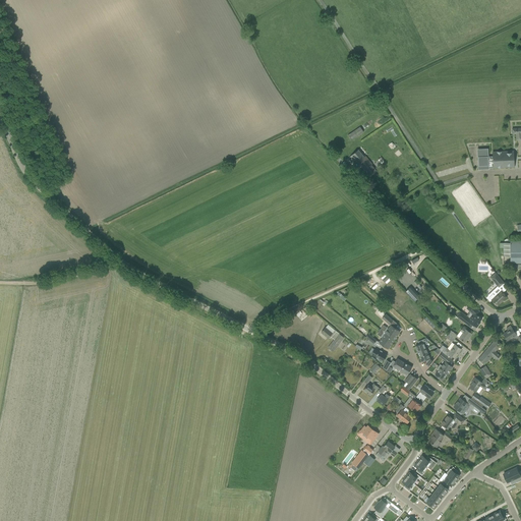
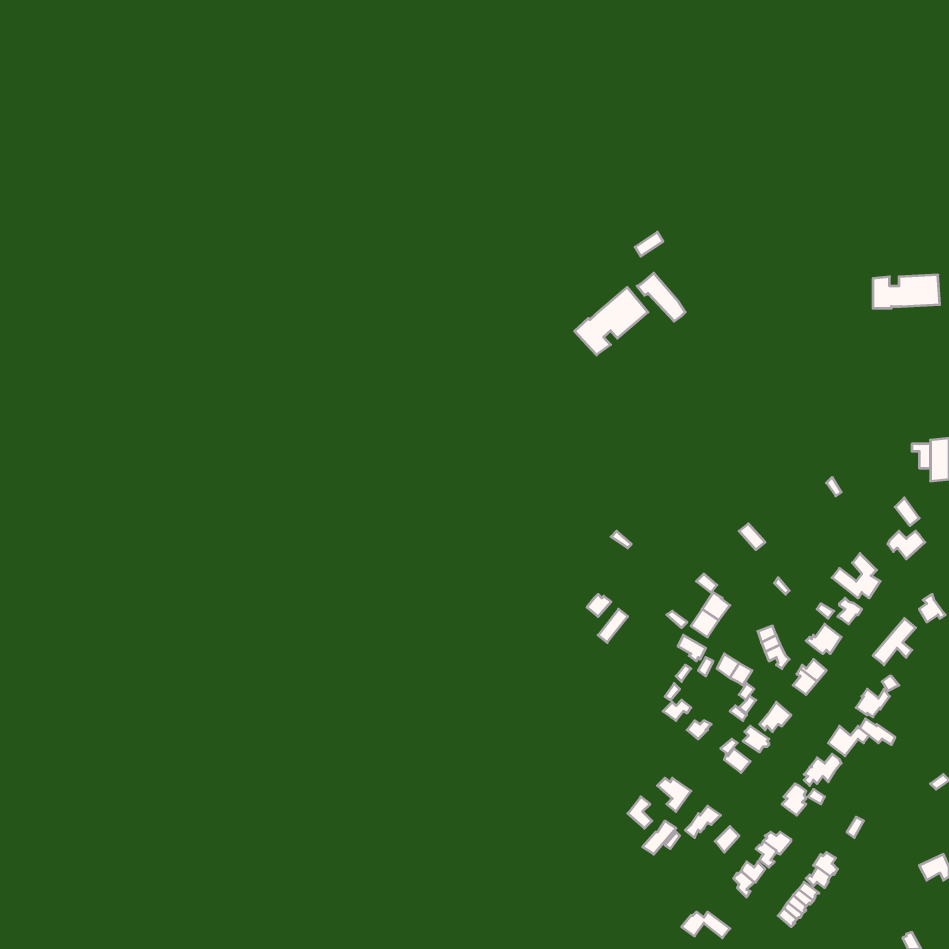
building: none -> [575,287,648,355]

